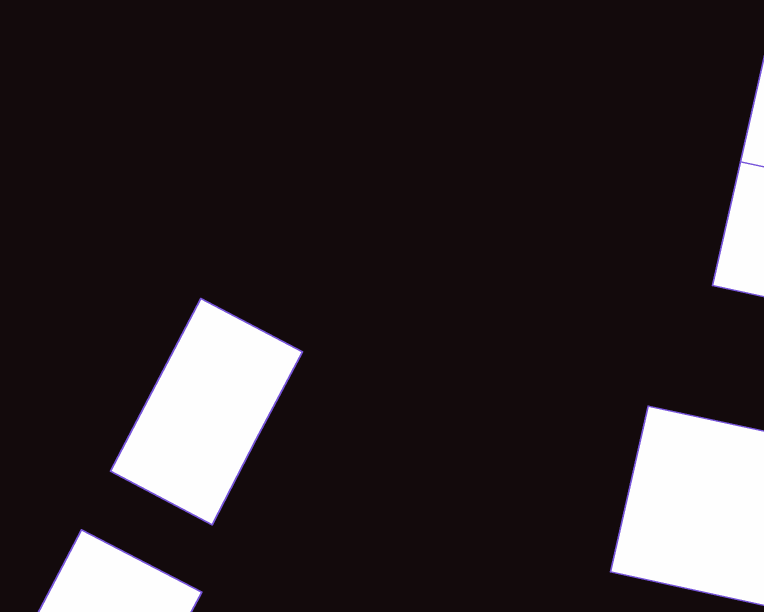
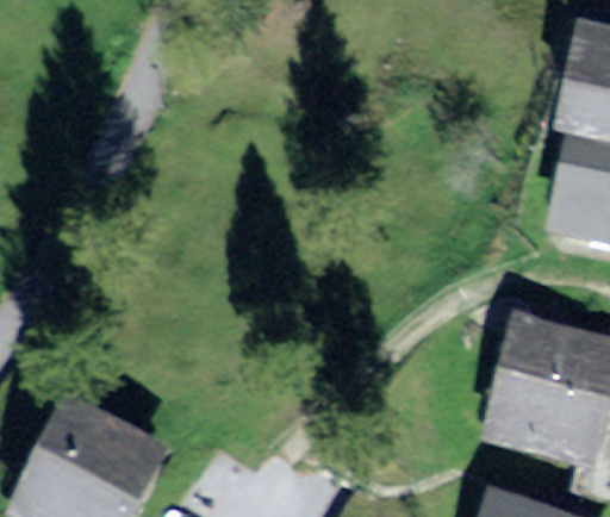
building: [111,298,303,525] -> none

